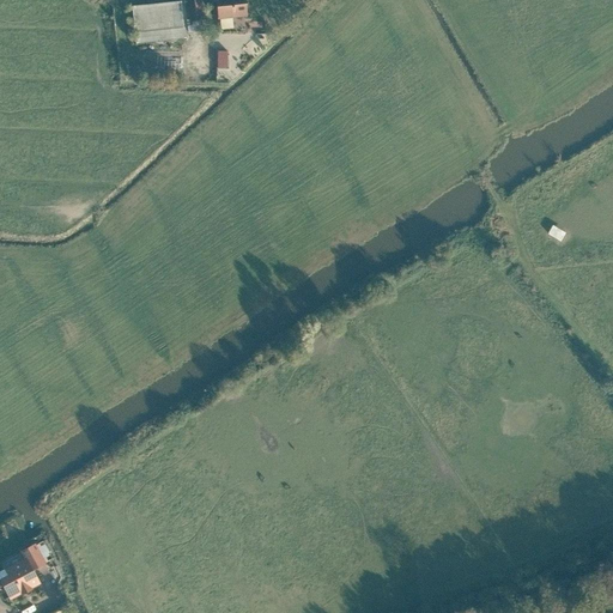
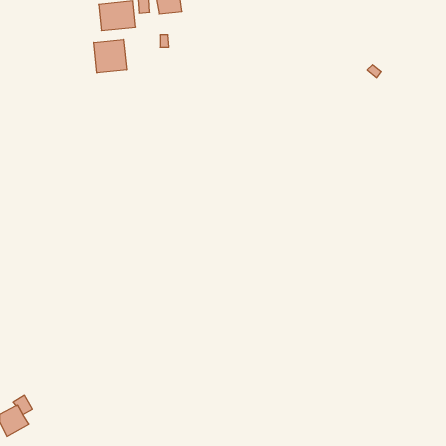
building: none -> [94,39,127,73]

